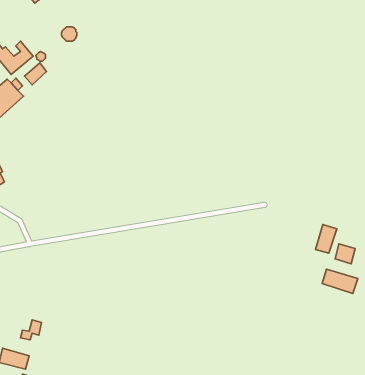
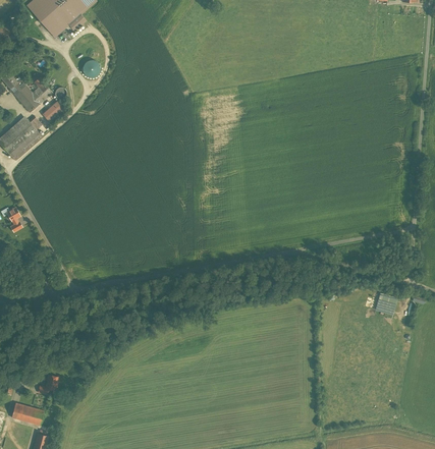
building: [316,225,337,253] -> none
building: [322,269,358,294] -> none

